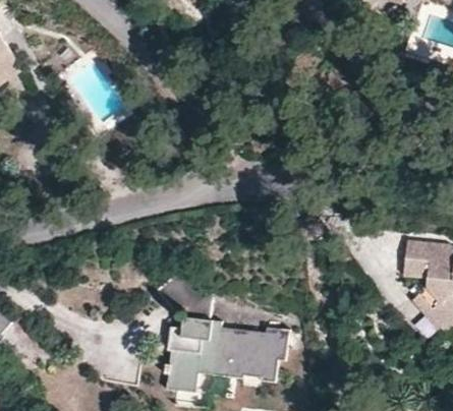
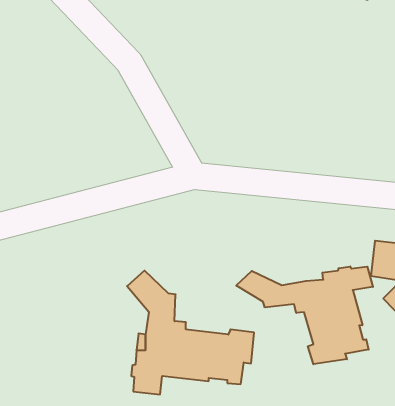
building: none -> [236,266,373,364]

